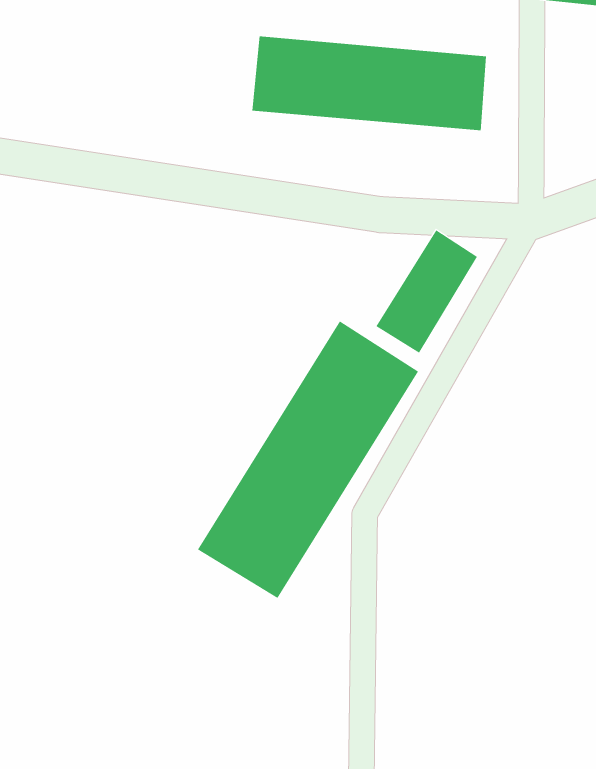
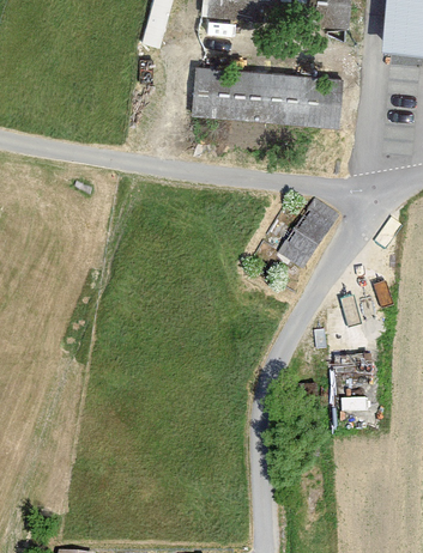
building: [197,320,419,599] -> none

